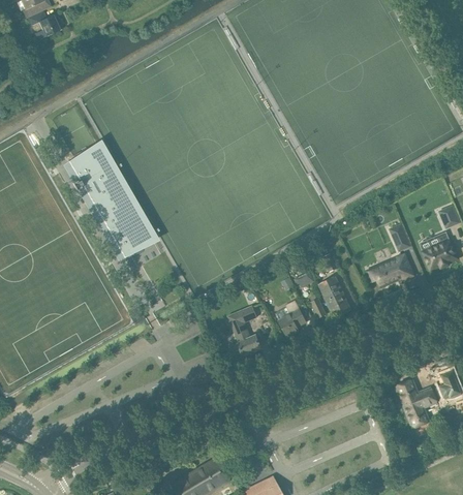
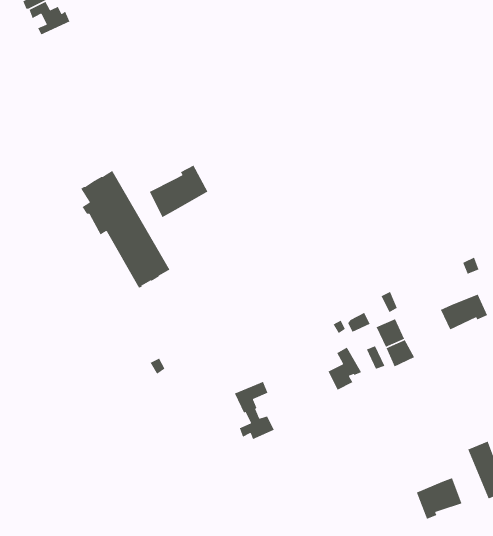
building: none -> [149,164,209,218]
building: [228,305,263,354] -> [234,381,275,440]
building: none -> [416,477,462,520]

